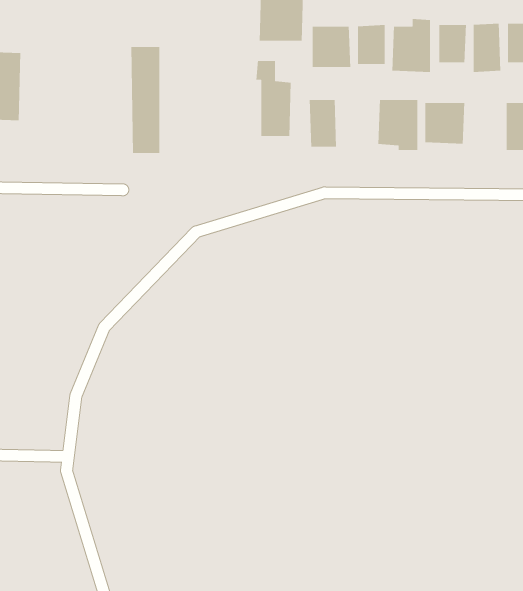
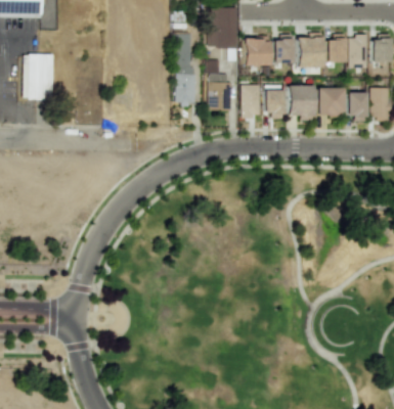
building: [131,46,160,154] -> [176,33,195,103]
building: none -> [265,90,283,118]
building: none -> [348,92,367,119]

